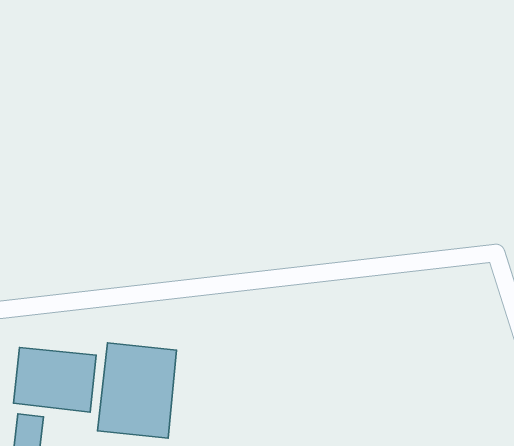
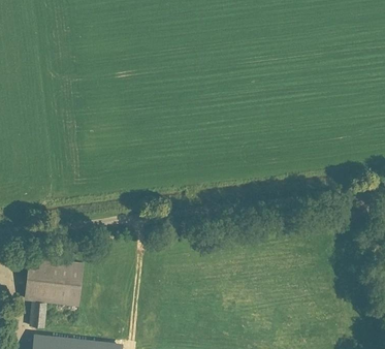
building: [98,343,176,438] -> none

